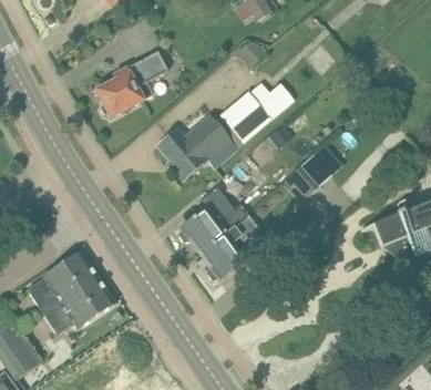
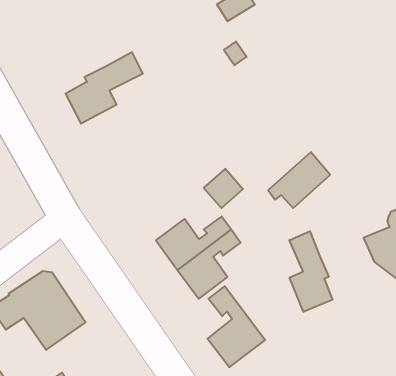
building: [157,86,294,179] -> none
building: none -> [289,231,332,312]
building: none -> [207,286,265,367]

